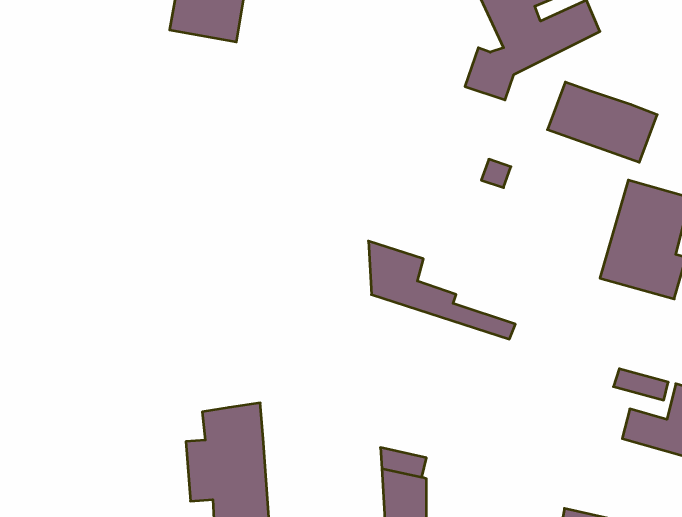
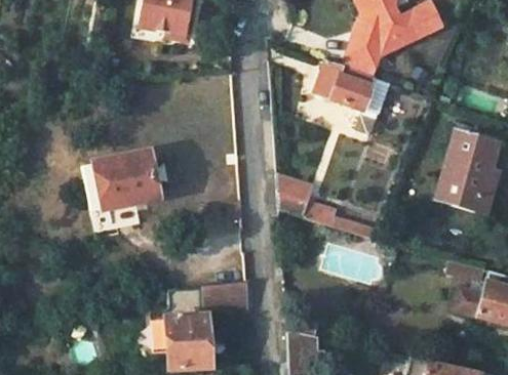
building: [547,82,657,162] -> [314,60,390,116]
building: none -> [81,151,158,211]
building: none -> [202,281,250,309]

